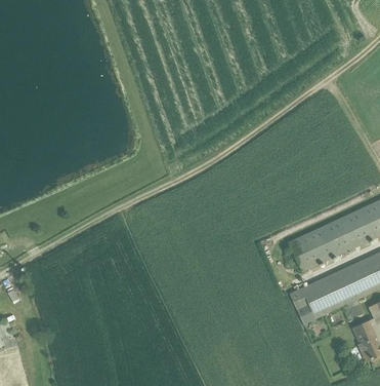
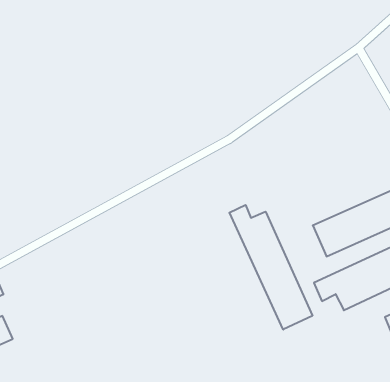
building: none -> [229,205,312,330]

